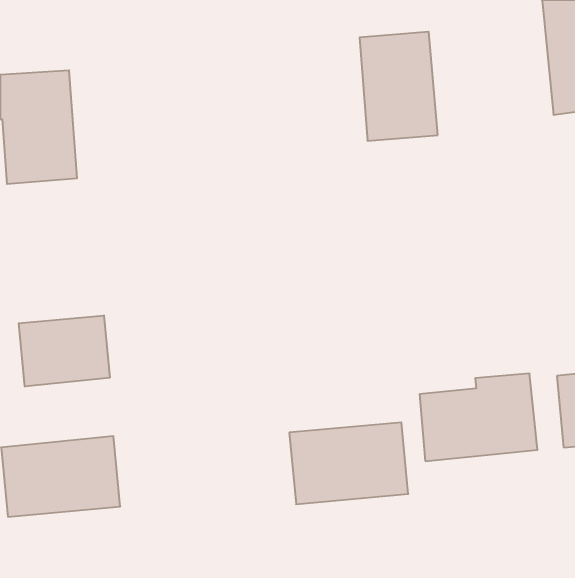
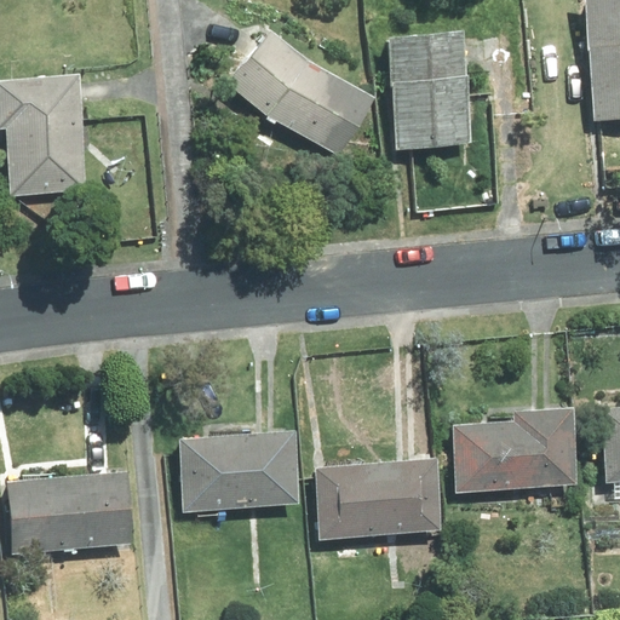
building: none -> [226,34,373,159]
building: [19,315,110,387] -> none
building: none -> [180,424,302,511]

